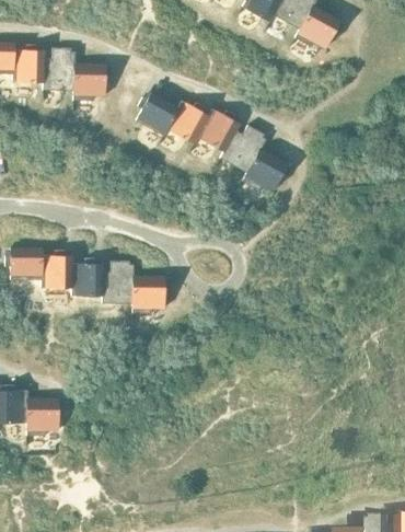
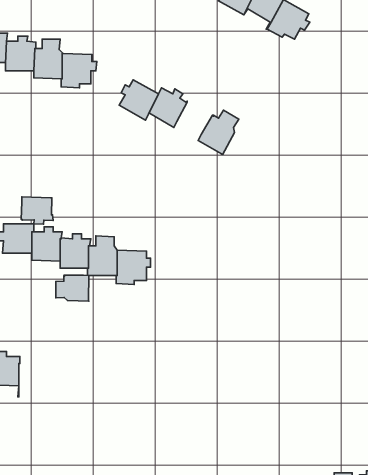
building: [194,108,240,151] -> none
building: [241,149,288,192] -> none
building: none -> [21,197,53,224]
building: none -> [56,275,89,301]
building: [26,397,63,436] -> none

